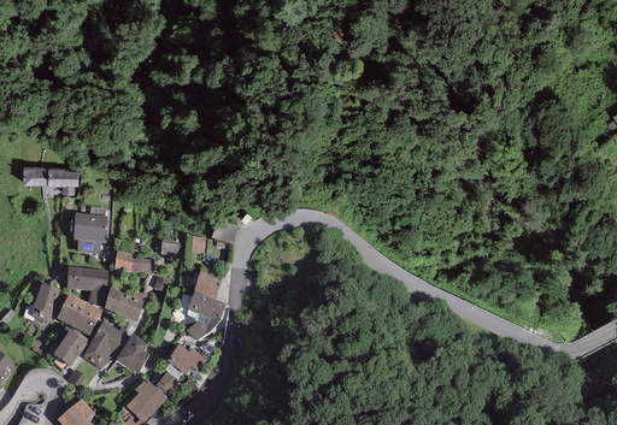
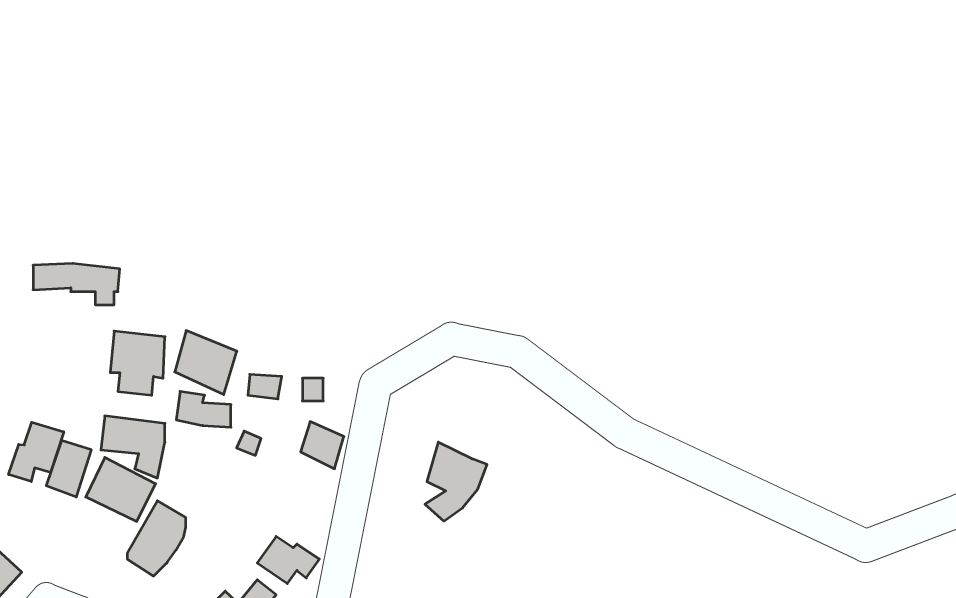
building: none -> [9,422,64,482]
building: [105,281,145,321] -> [175,331,237,395]
building: [186,289,225,340] -> [425,442,487,521]
building: [53,326,88,365] -> none
building: [116,333,149,373] -> none

